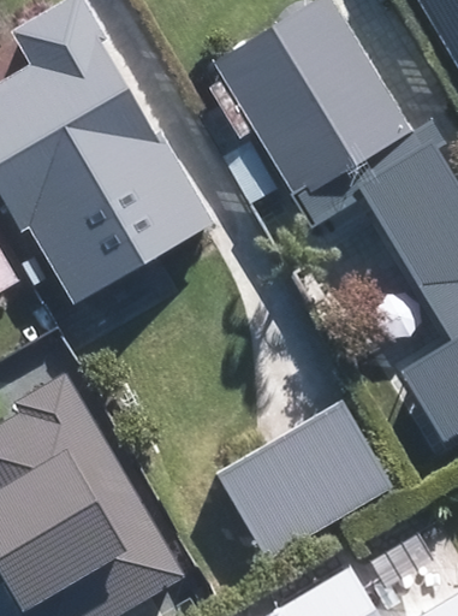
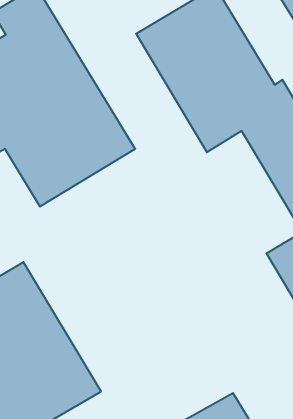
building: [219,402,394,558] -> none

